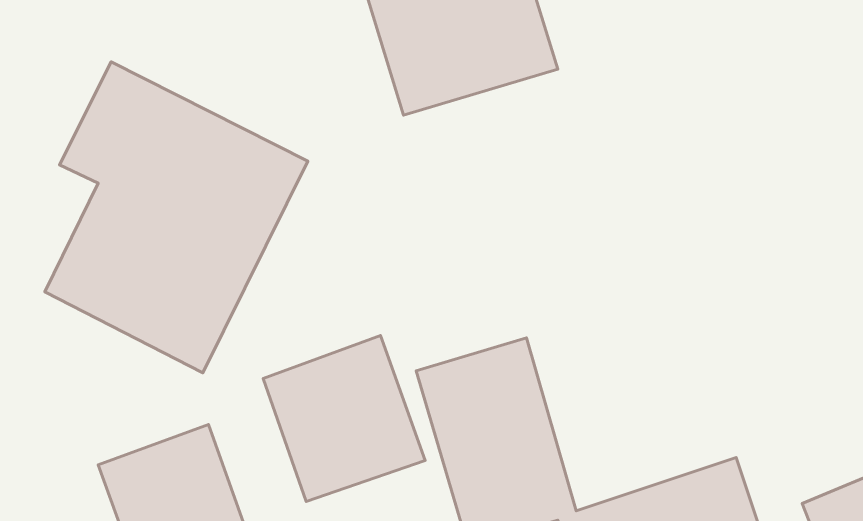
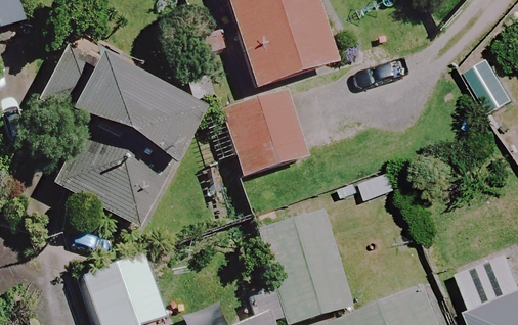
building: none -> [221,88,306,175]
building: [263,336,425,502] -> none

